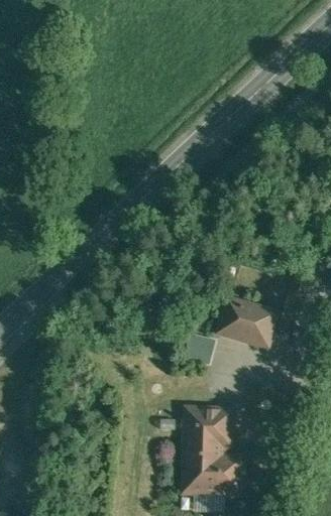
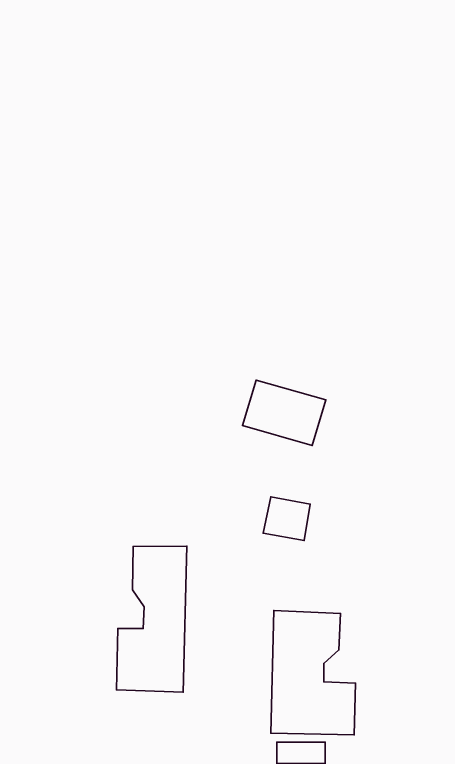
building: [218,300,273,344] -> [242,380,326,445]
building: none -> [116,546,187,692]

